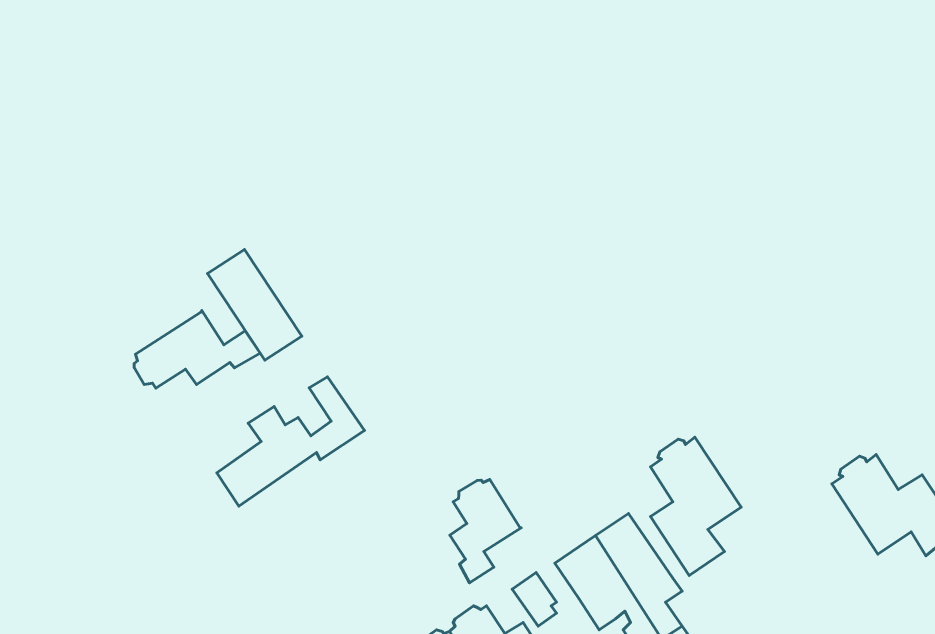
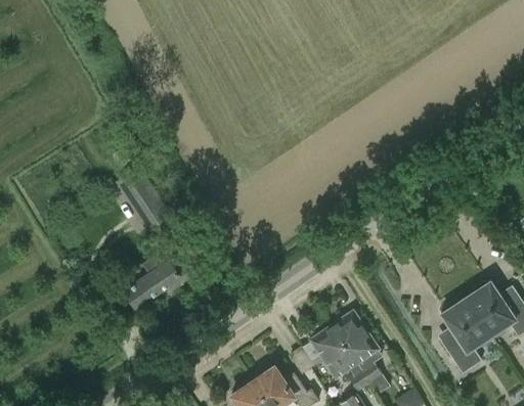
building: [134,310,260,388] -> none
building: [651,437,741,576] -> [441,297,491,373]
building: [450,480,521,583] -> none

